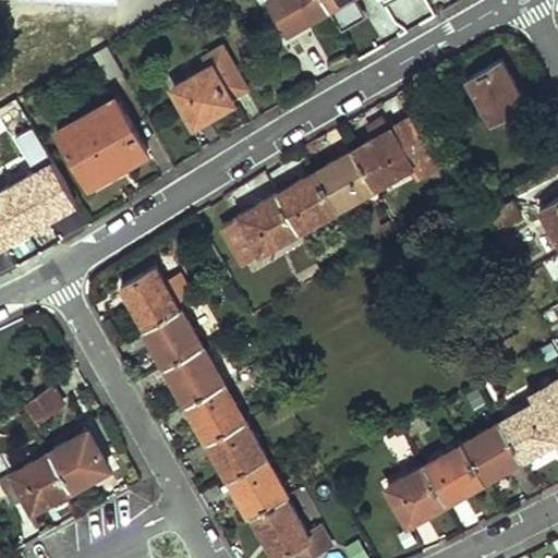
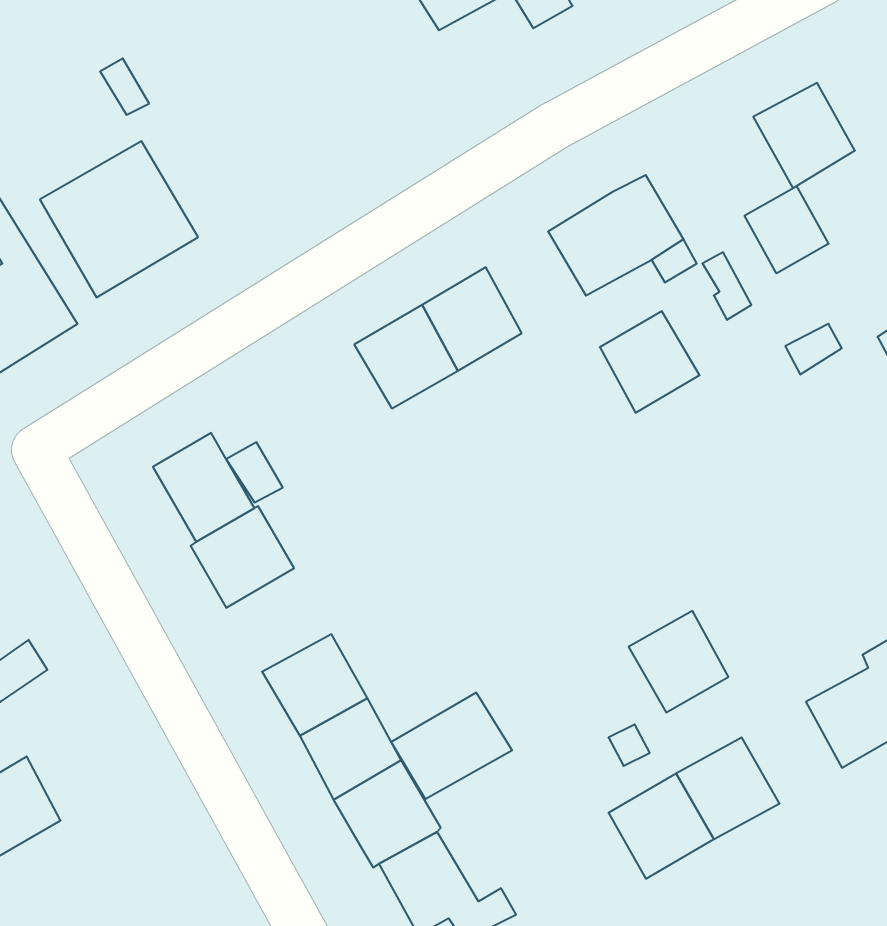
building: [170,50,247,129] -> none
building: none -> [745,186,829,273]
building: [314,153,372,211] -> [600,311,700,413]
building: [163,348,225,408] -> none
building: none -> [391,692,512,799]
building: [462,425,520,484] -> [629,611,728,713]
building: [48,434,107,494] -> none

